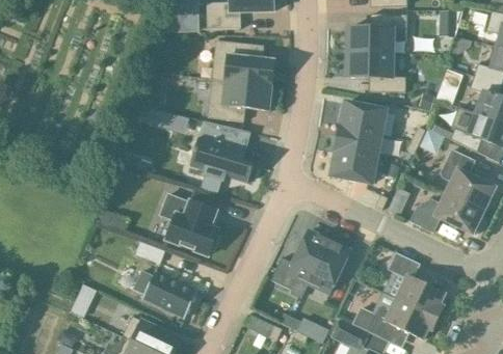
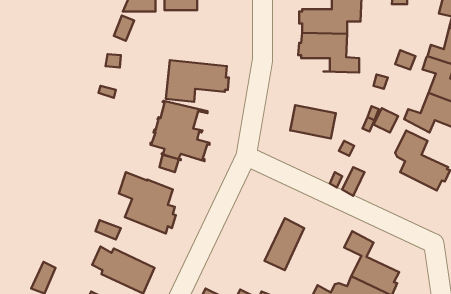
building: [211,39,275,85] -> none
building: [339,101,385,133] -> none
building: [329,151,375,183] -> none
building: [411,193,483,235] -> none
building: [269,230,328,290] -> none

